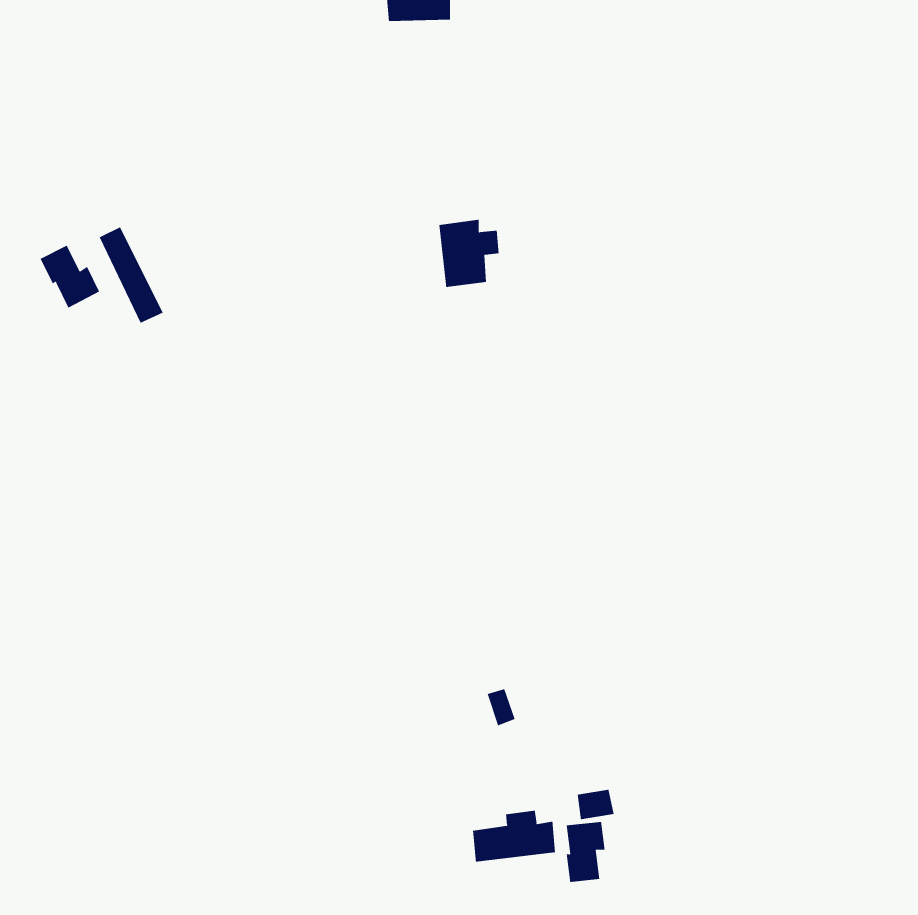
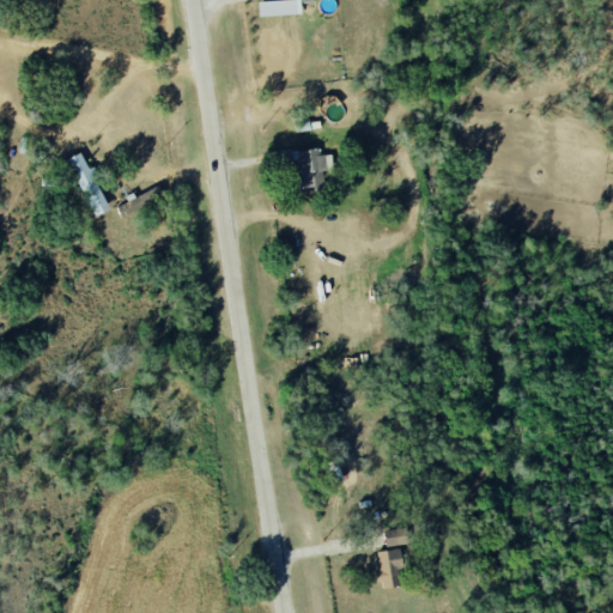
building: [40,245,100,308] -> none
building: [473,810,556,862] -> none

